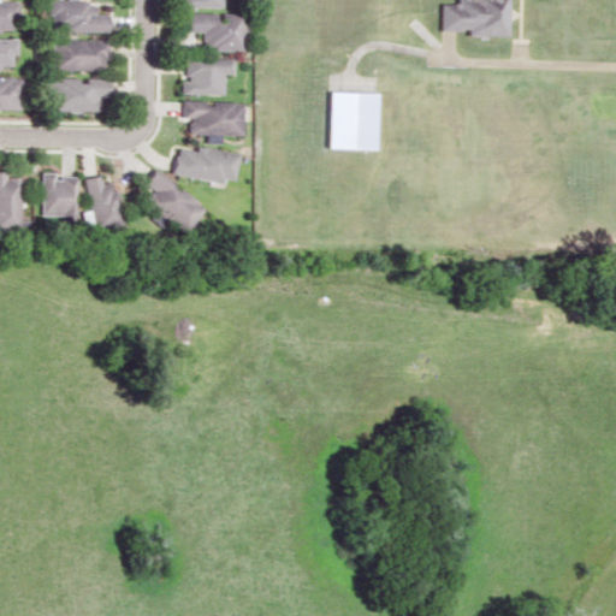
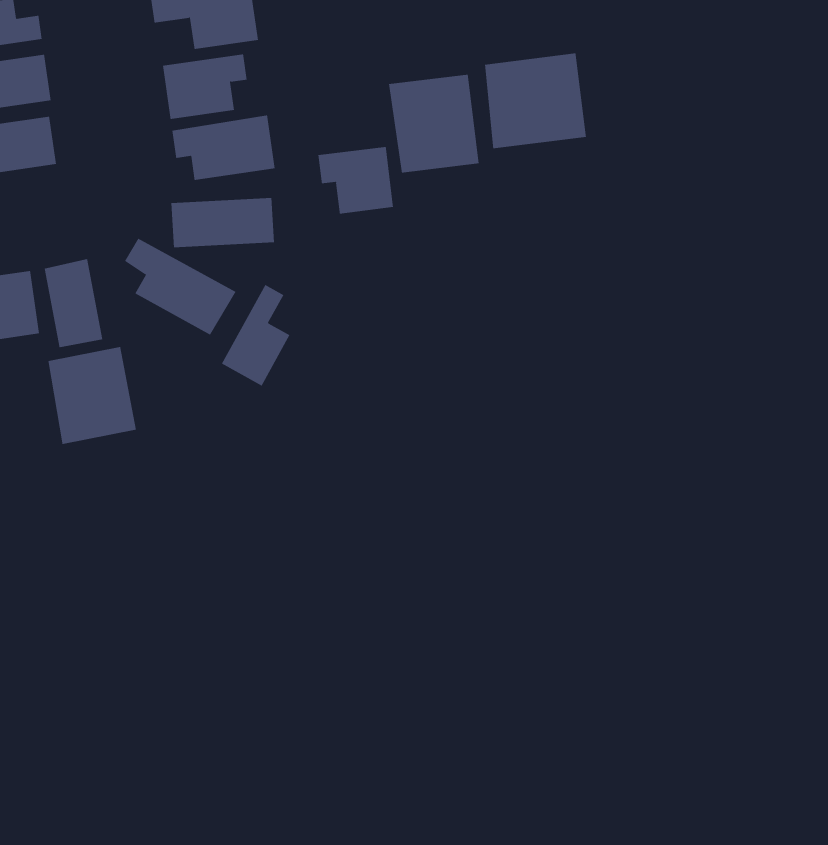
building: none -> [484,52,587,149]
building: none -> [318,146,394,214]
building: none -> [221,284,290,386]
building: none -> [48,346,136,445]

